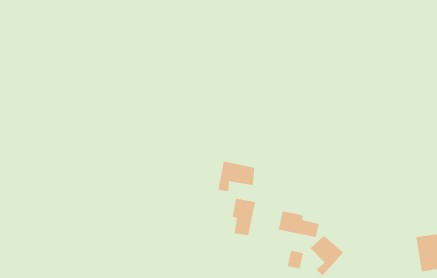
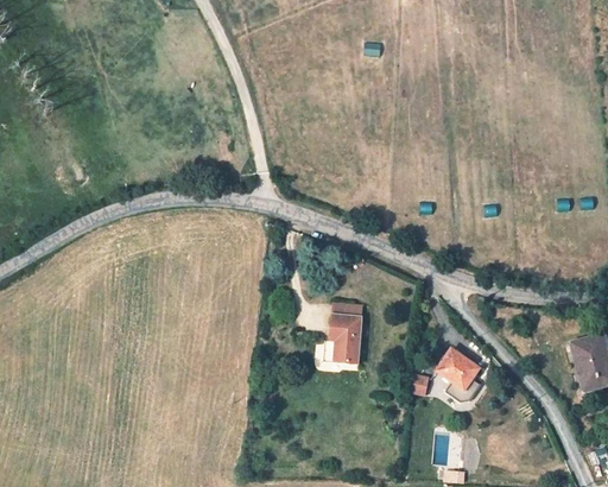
building: [218,161,255,192] -> none
building: [278,210,320,238] -> none

